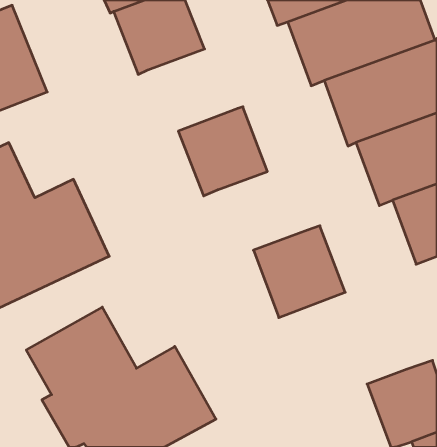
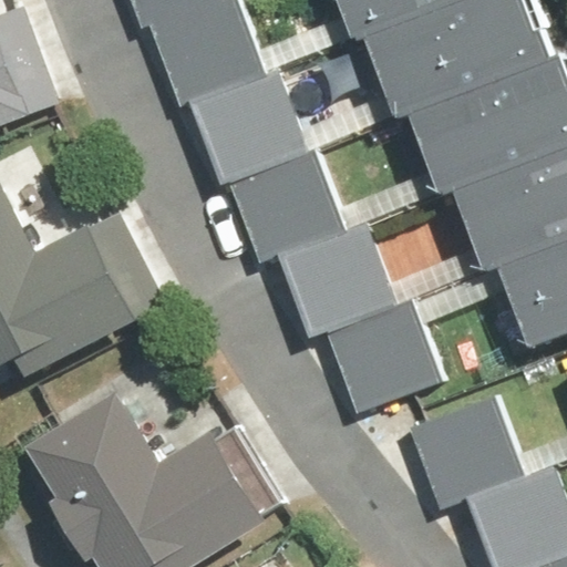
building: none -> [187,58,301,169]
building: none -> [276,209,390,322]
building: none -> [402,385,516,498]

